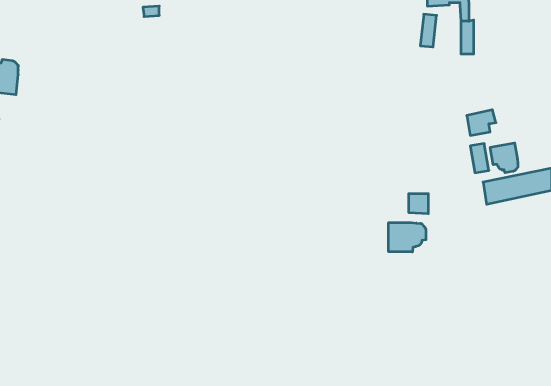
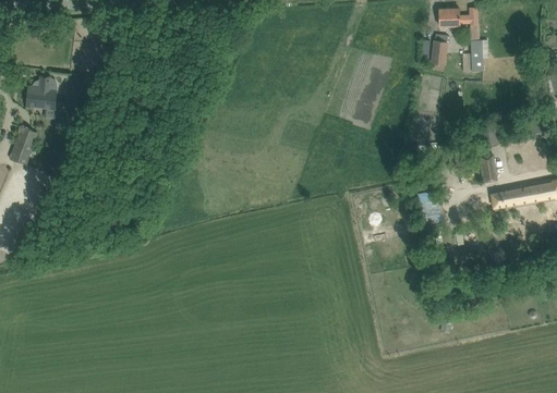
building: [490,143,518,173] -> none
building: [389,223,426,252] -> none

